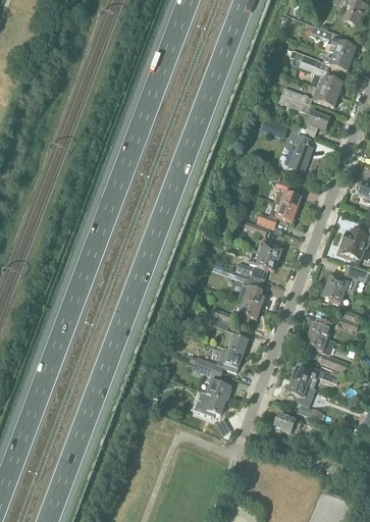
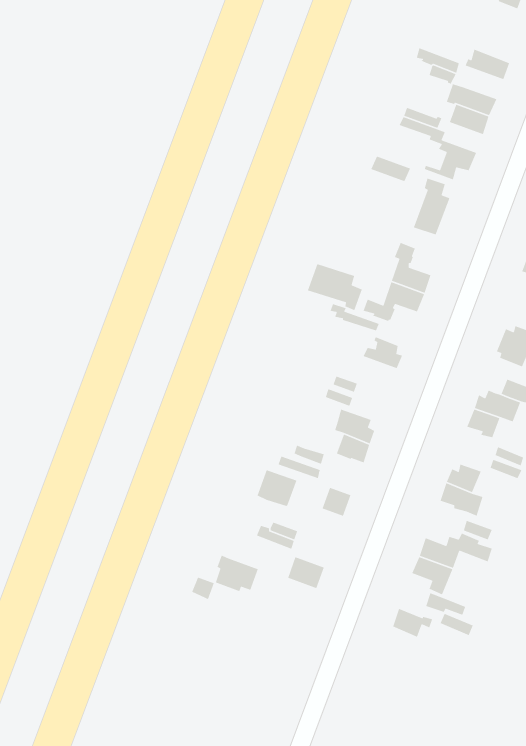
building: [303,23,356,59] -> none
building: none -> [307,263,363,311]
building: [249,249,278,270] -> none
building: [217,347,244,371] -> [257,469,297,507]
building: [198,392,226,416] -> [215,555,259,592]

